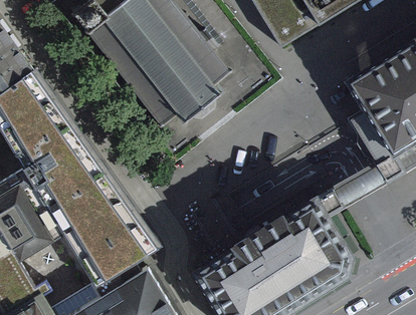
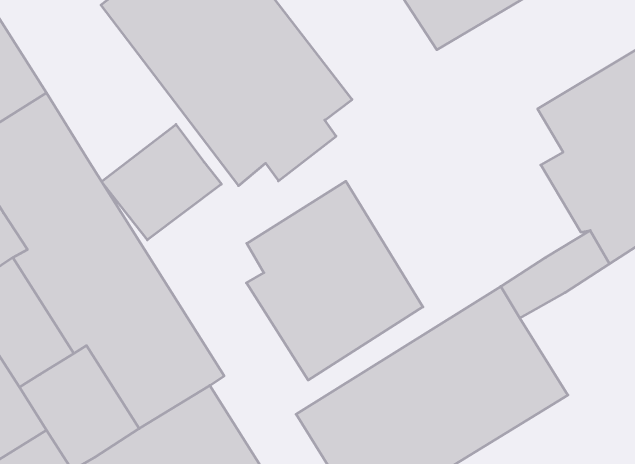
building: none -> [102,124,221,240]
building: none -> [246,181,423,380]

